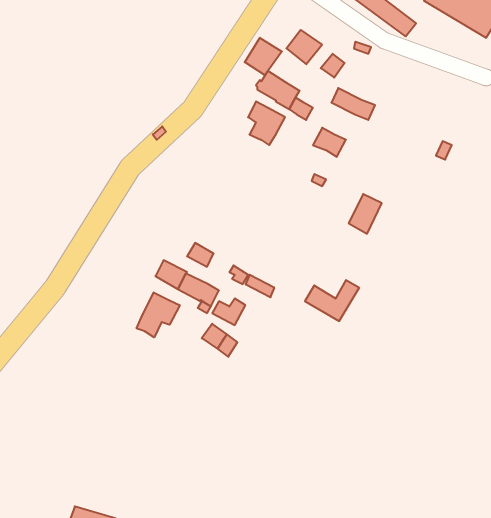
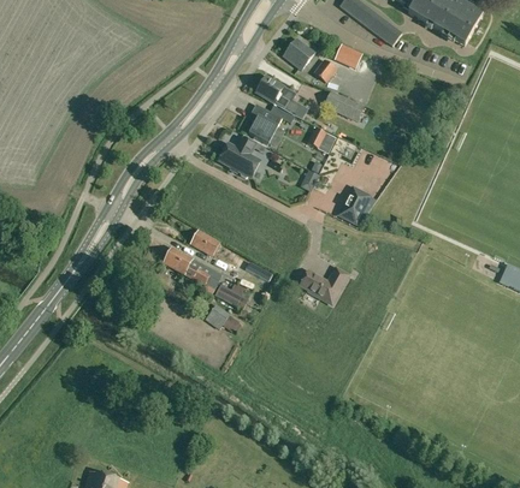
building: [245,38,282,75] -> none
building: none -> [219,136,260,177]
building: [137,292,180,337] -> none

